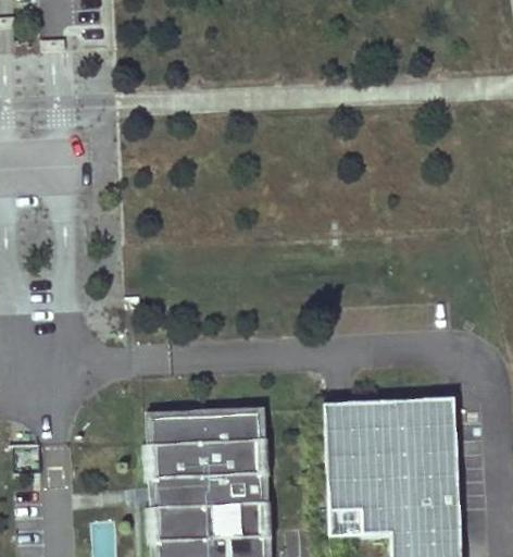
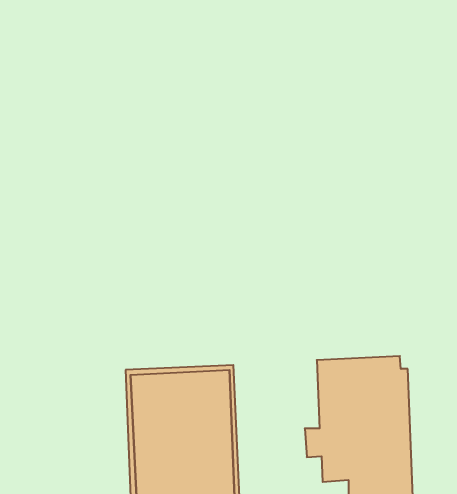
building: [325,403,362,537] -> none

